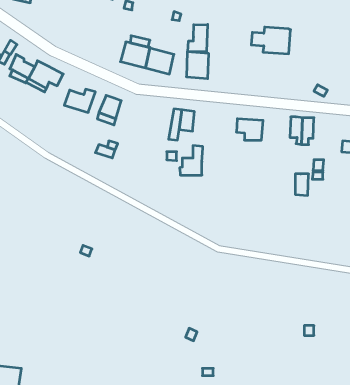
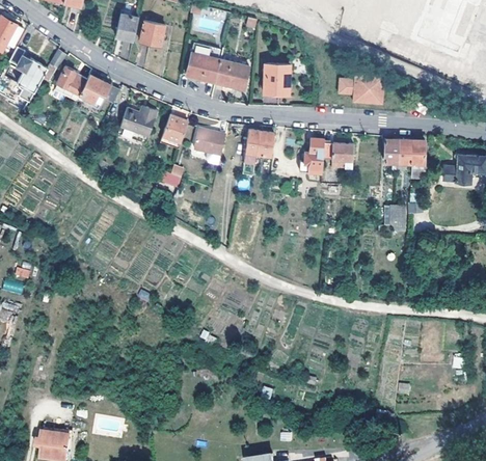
building: none -> [115,10,140,39]
building: none -> [139,22,165,47]
building: [188,24,208,52] -> none
building: [251,27,291,54] -> [338,74,383,105]
building: none -> [193,128,225,165]
building: none -> [410,140,428,173]
building: [180,146,203,175] -> [295,138,322,172]

